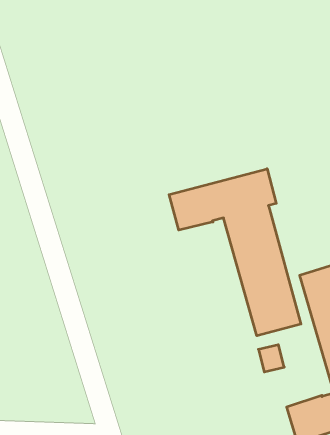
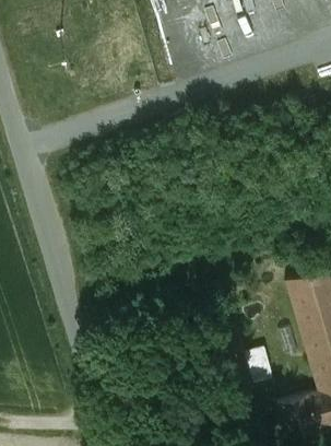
building: [169,169,301,336] -> none

